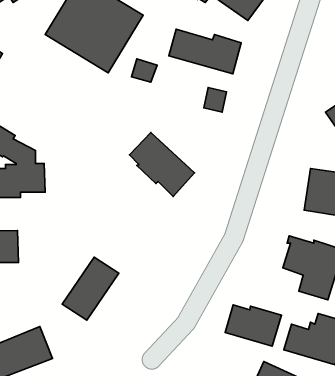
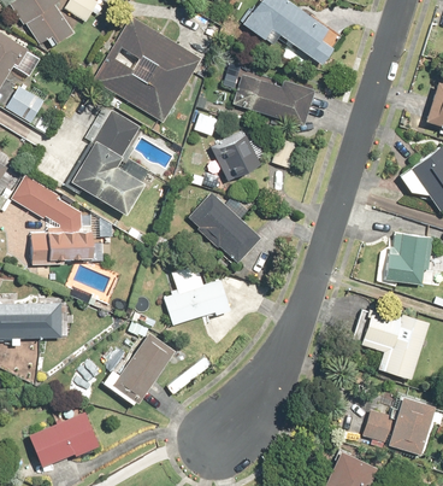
building: none -> [70,109,146,215]
building: none -> [209,130,260,181]
building: none -> [164,263,229,326]
building: [225,305,282,346] -> none

